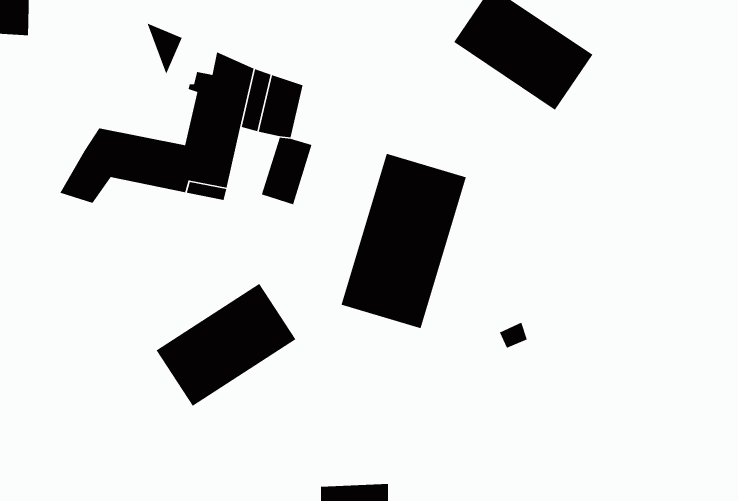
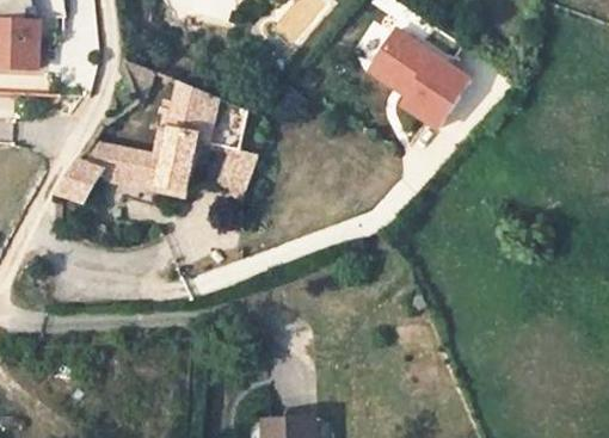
building: [341,153,467,329] -> none
building: [156,283,296,407] -> none

